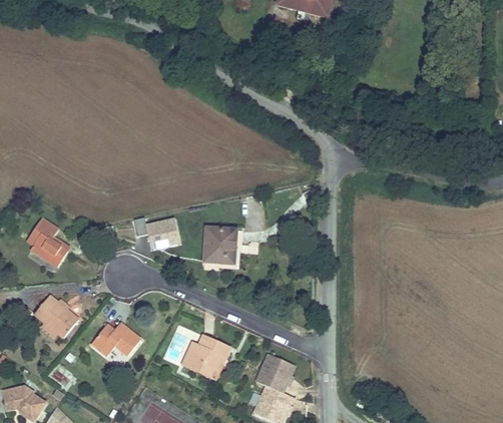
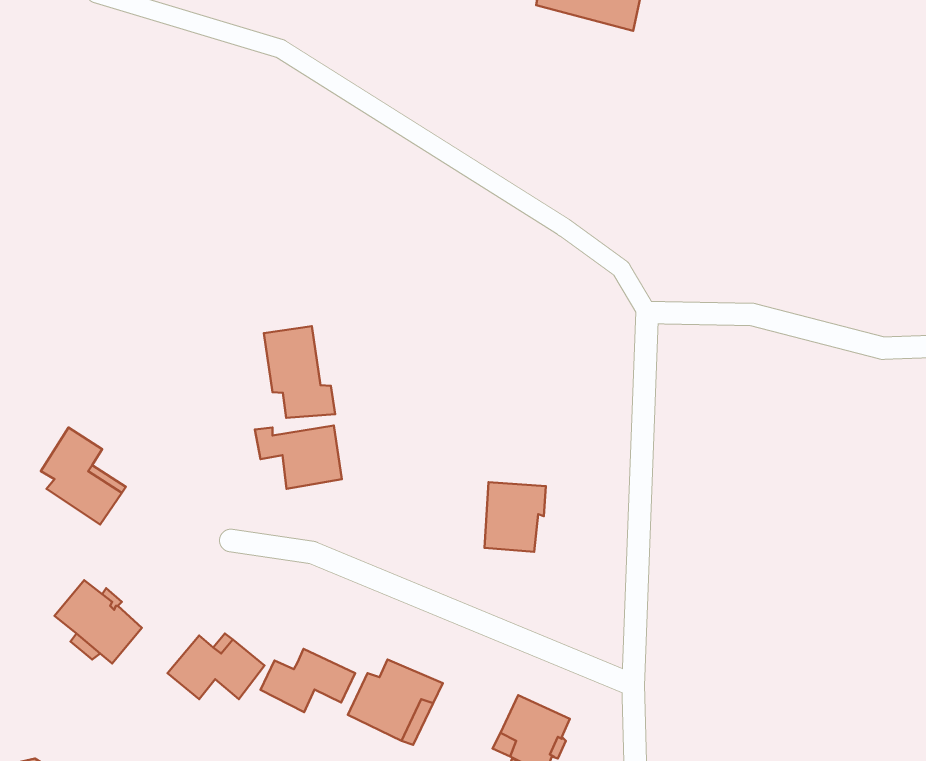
building: none -> [264,326,335,418]
building: [204,228,235,263] -> [485,482,546,552]
building: none -> [260,649,355,712]

